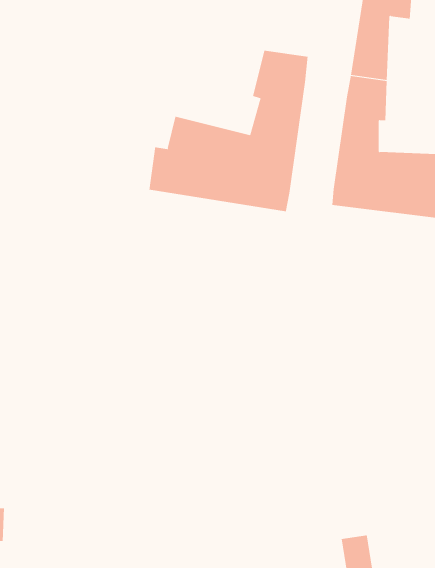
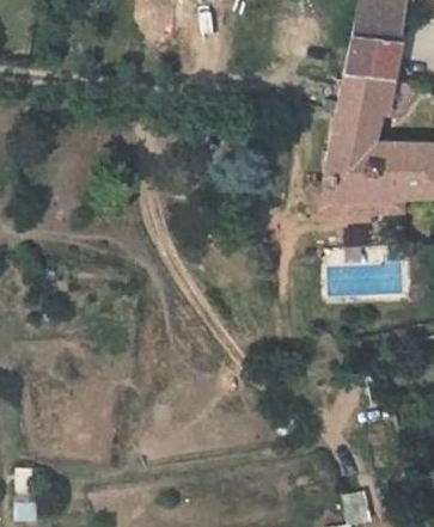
building: [149,50,308,212] -> none

